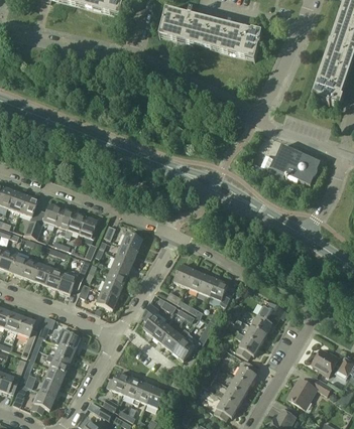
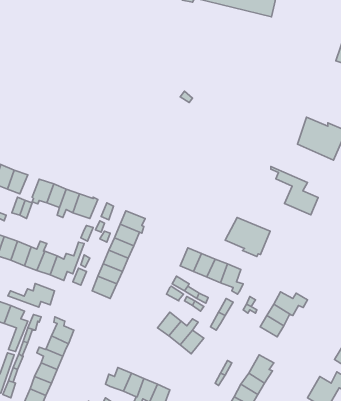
building: none -> [271,167,318,215]
building: none -> [225,217,270,257]
building: none -> [8,283,54,307]
building: [142,302,165,335] -> none
building: [236,330,261,359] -> none

